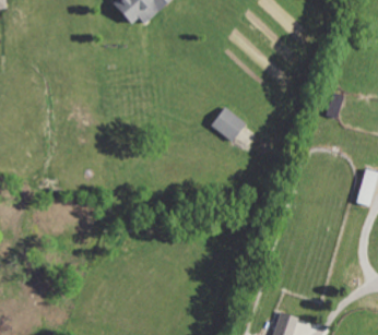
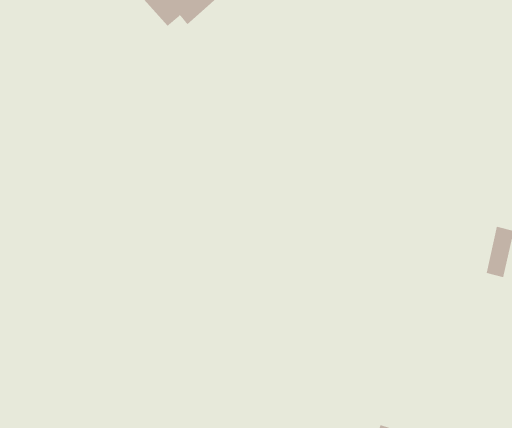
building: [212,105,247,140] -> none

